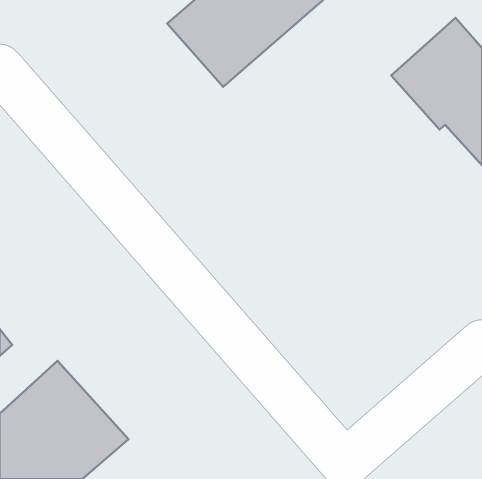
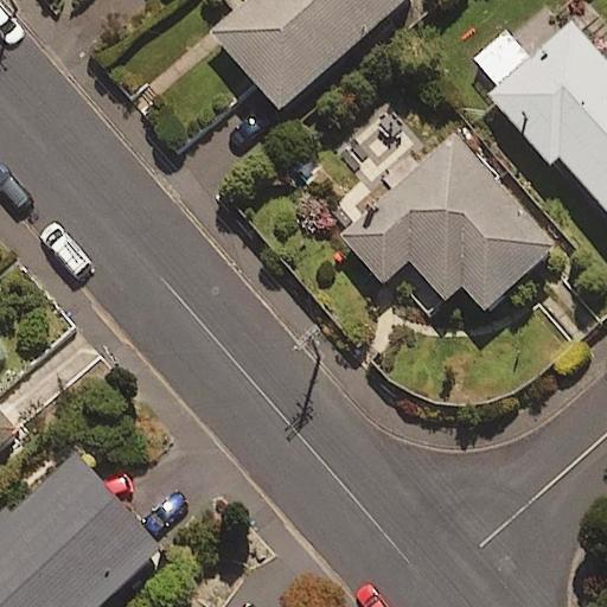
building: none -> [341,134,556,314]

